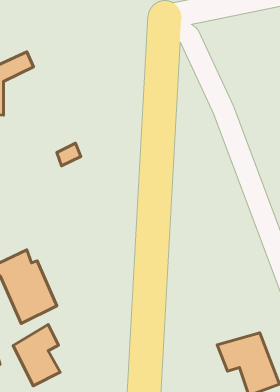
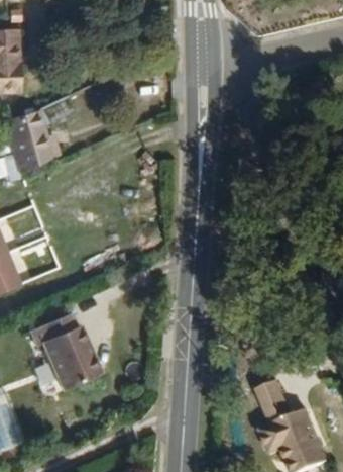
building: none -> [260,374,295,413]
building: [13,324,60,386] -> none

